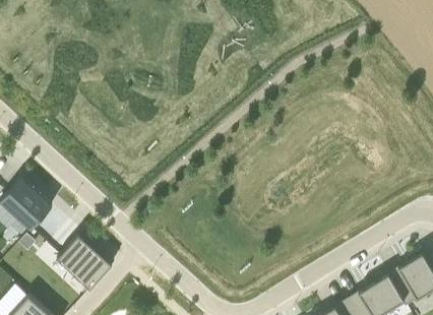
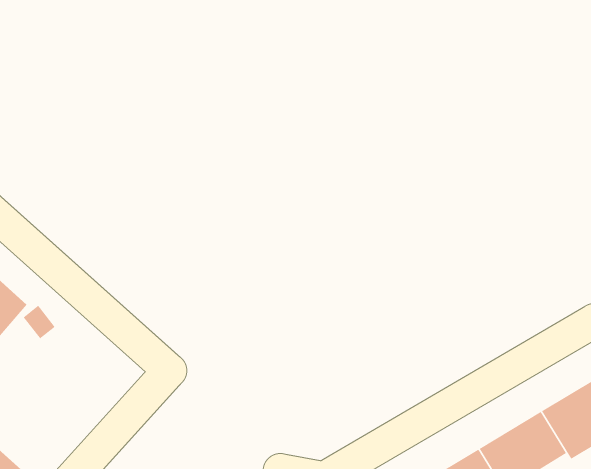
building: [56,233,113,287] -> none

